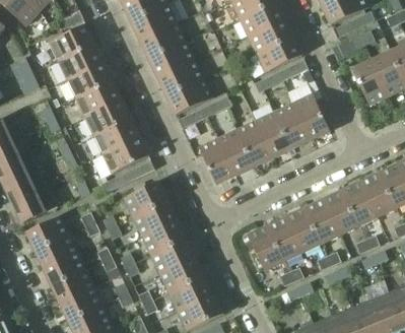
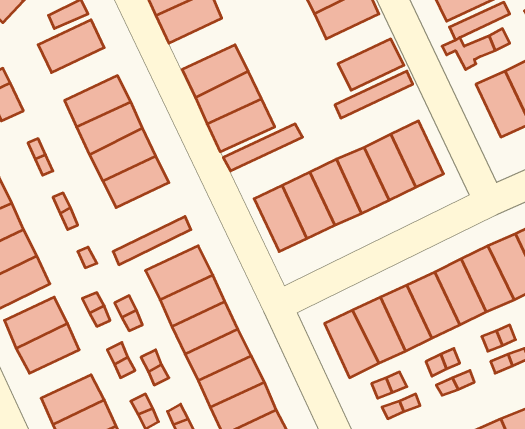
building: [249,19,293,54] -> none
building: [140,22,186,58] -> none
building: [59,43,105,79] -> none
building: [104,136,149,173] -> none
building: [44,252,86,285] -> none

